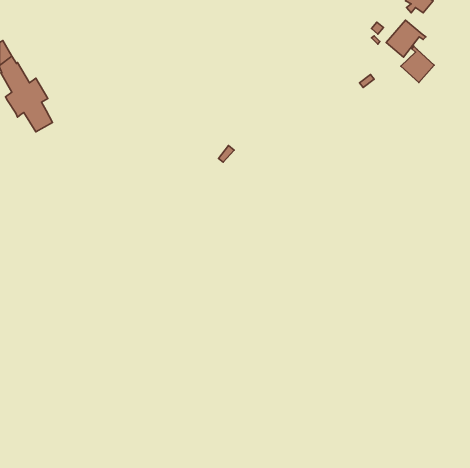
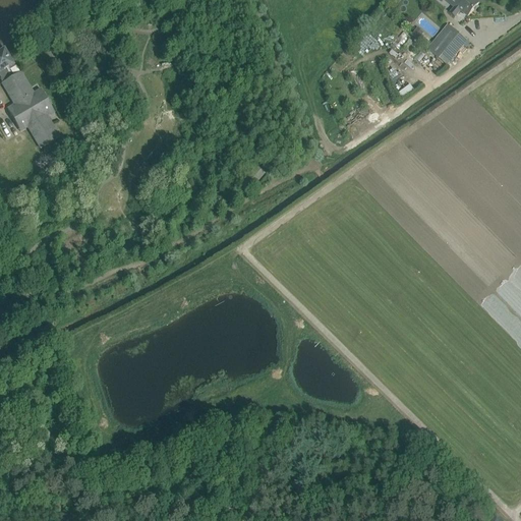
building: [401,46,434,83] -> none

